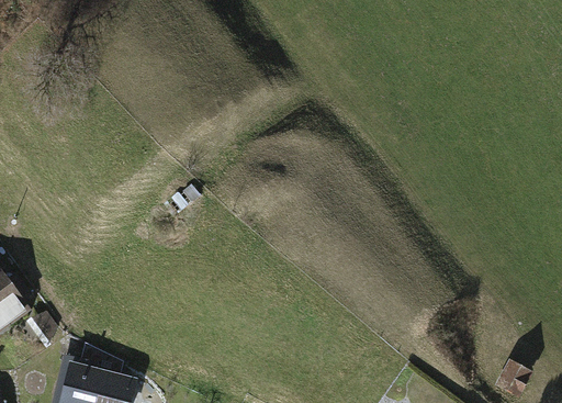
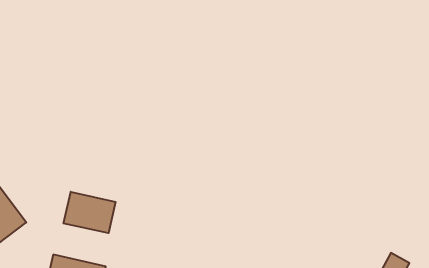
building: none -> [64,192,116,233]

